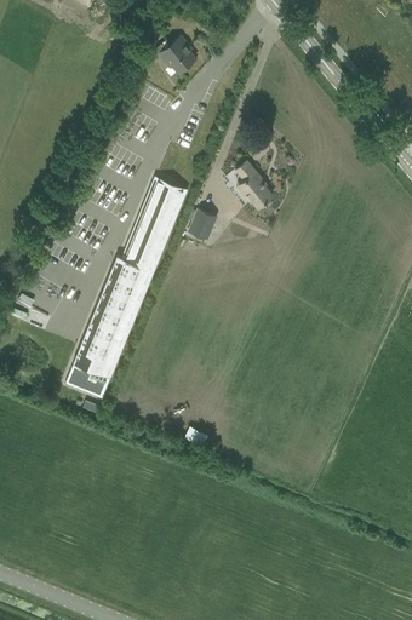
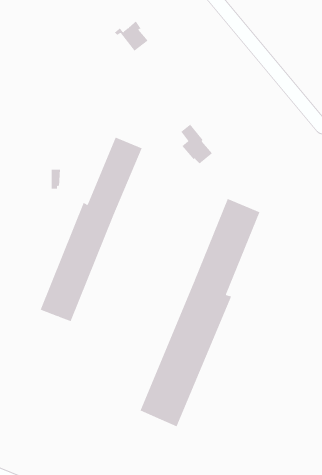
building: [188,209,217,241] -> none
building: none -> [140,198,260,427]

